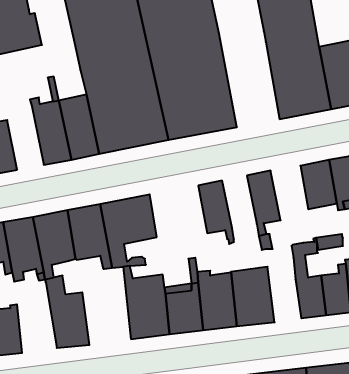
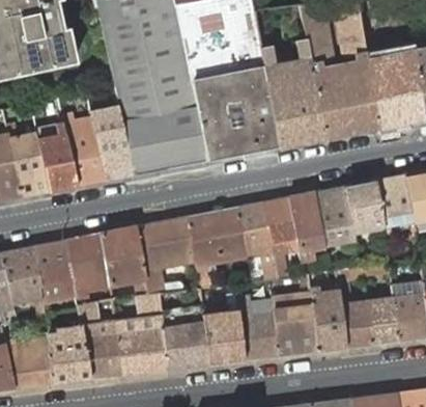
building: none -> [260,40,323,146]
building: none -> [37,125,77,191]
building: none -> [314,187,354,244]
building: none -> [263,197,300,264]
building: none -> [188,208,248,278]
building: none -> [310,283,346,351]
building: none -> [117,293,168,375]
building: none -> [48,309,90,383]

